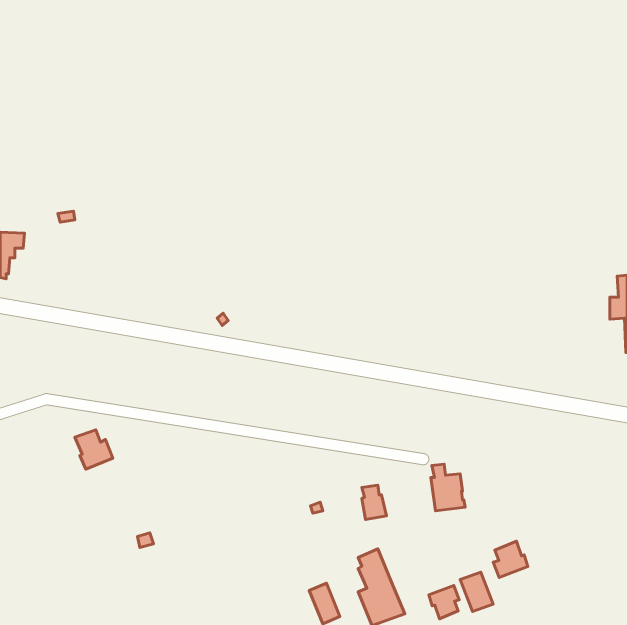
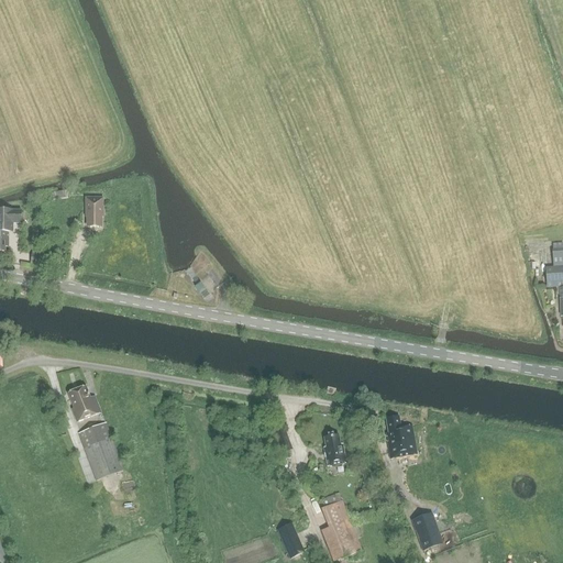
building: none -> [86,197,102,225]
building: none -> [78,421,123,479]
building: [493,541,528,577] -> none
building: [429,586,459,619] -> none

